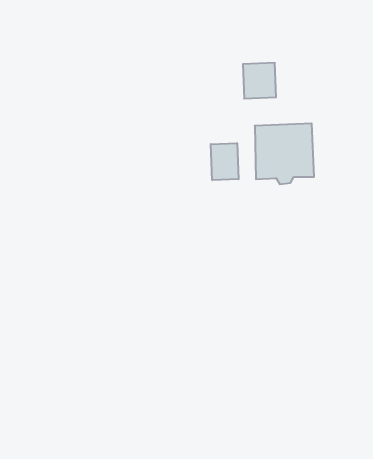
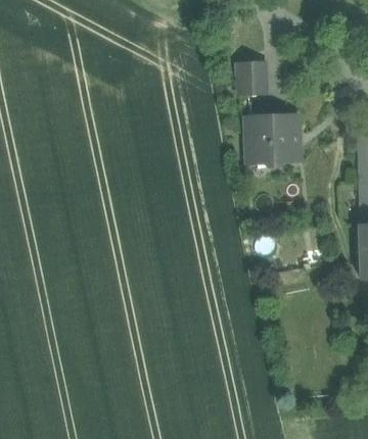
building: [211,143,239,180] -> none

